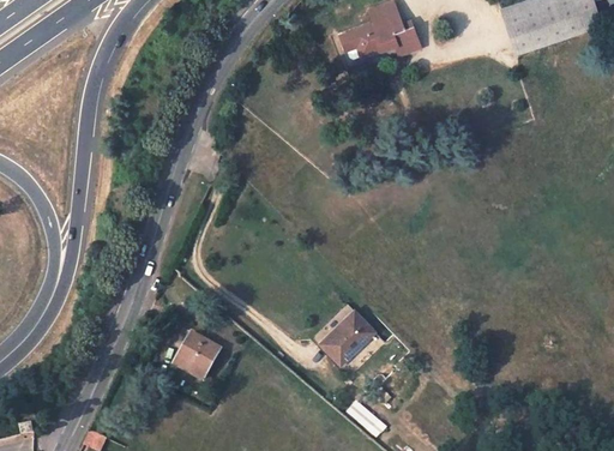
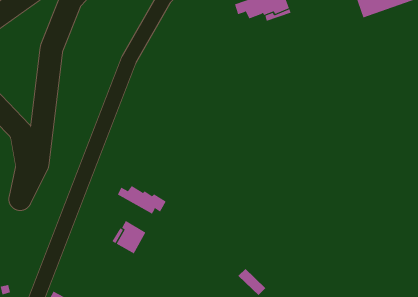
building: none -> [117,185,166,214]
building: [319,311,373,363] -> none

